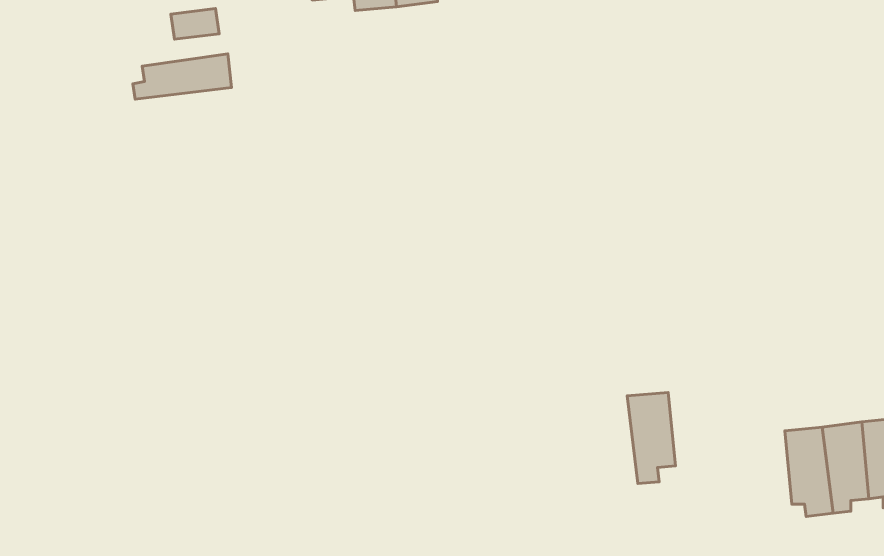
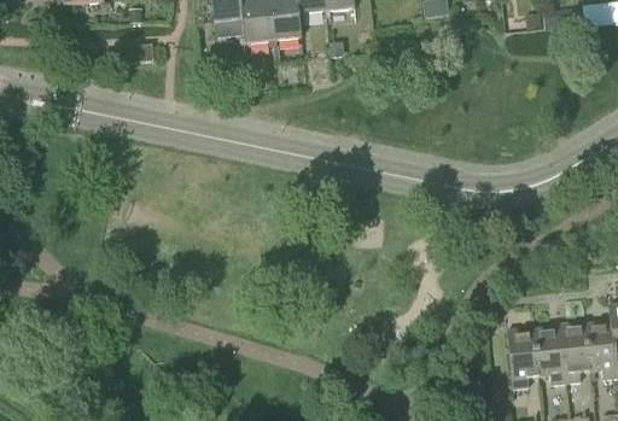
building: [133,54,232,99] -> none
building: [627,392,675,484] -> [507,327,540,388]

